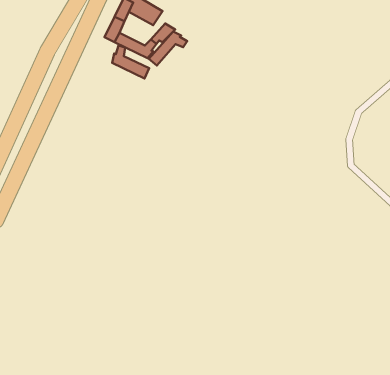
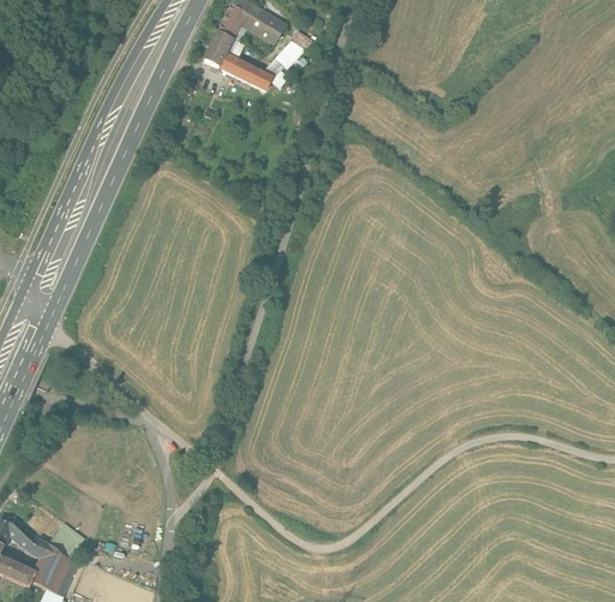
building: [149,32,187,65] -> none
building: [112,45,149,79] -> none

